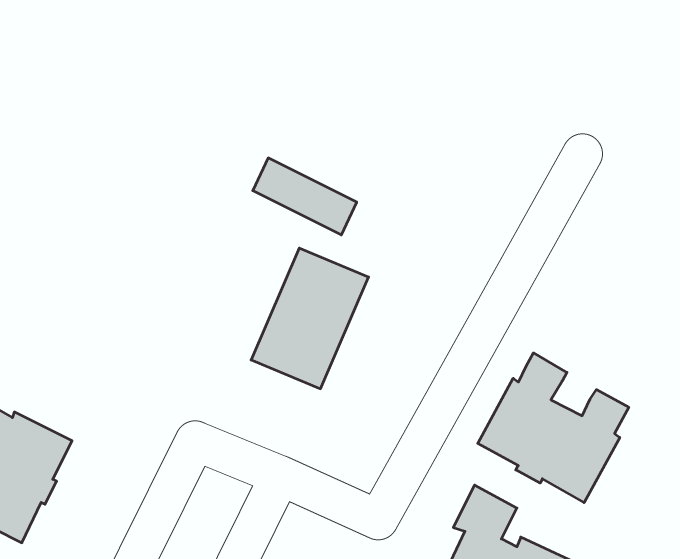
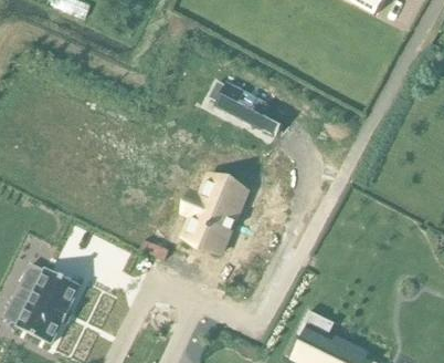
building: [253,158,357,235] -> [220,83,279,127]
building: [478,353,629,503] -> none

